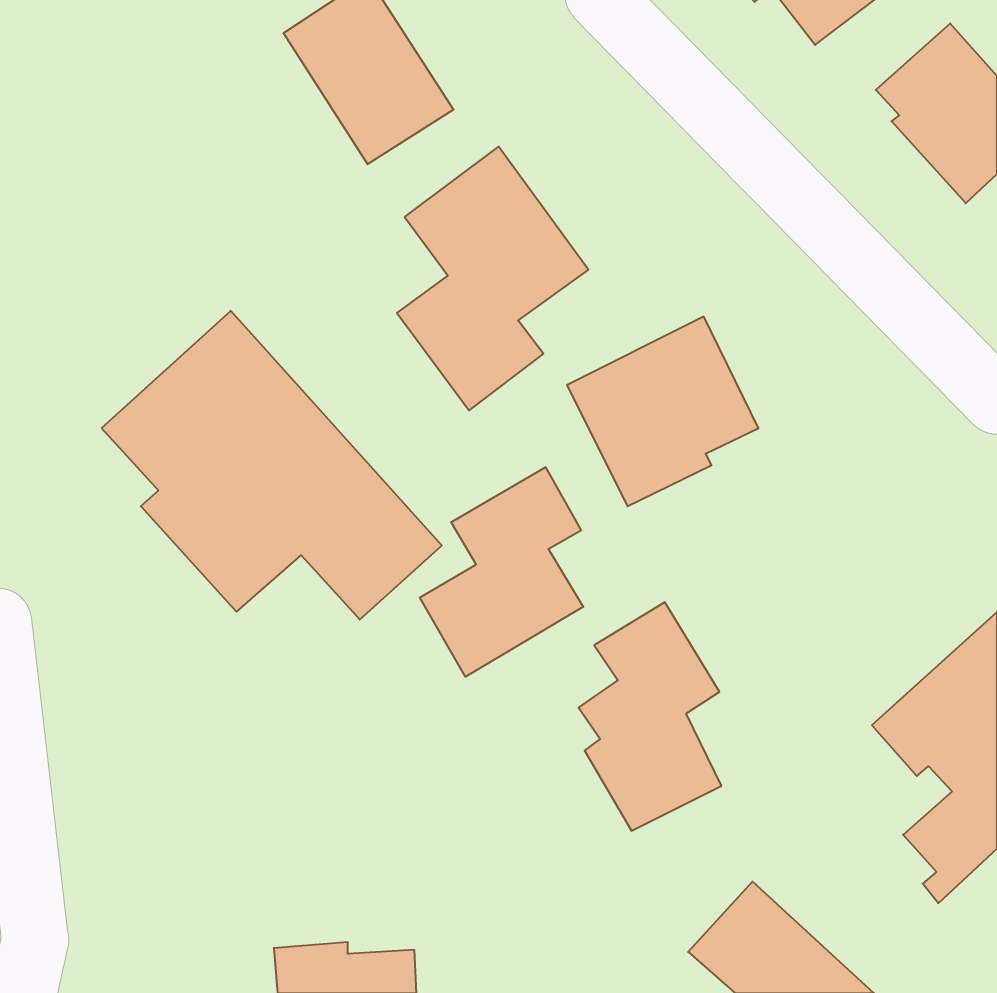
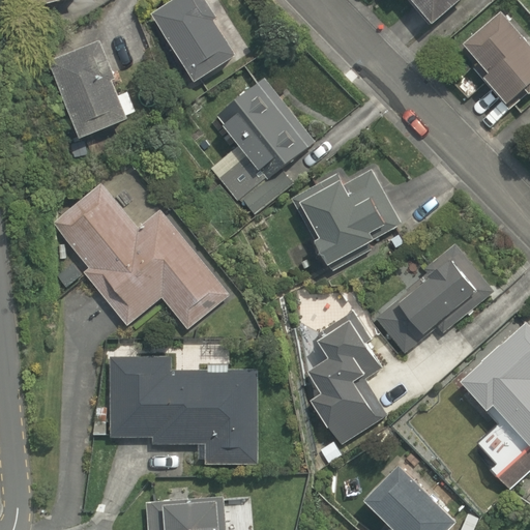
building: none -> [53,43,136,141]
building: [420,467,583,677] -> none
building: none -> [373,259,475,352]
building: none -> [93,342,257,458]

